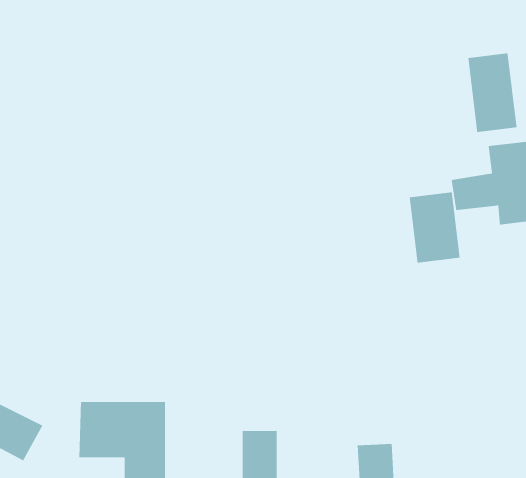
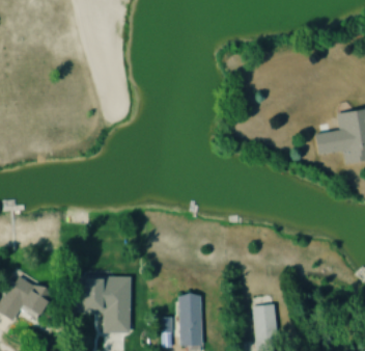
building: [468,52,517,133] -> none
building: [409,192,460,263] -> none

